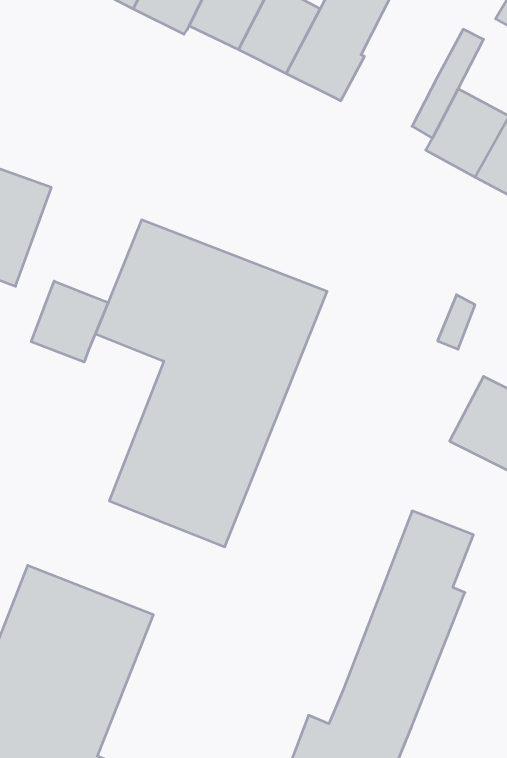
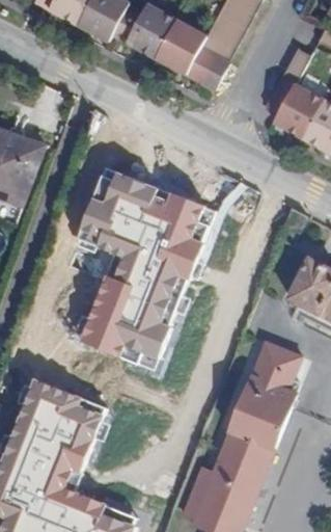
building: [31,281,108,362] -> none

